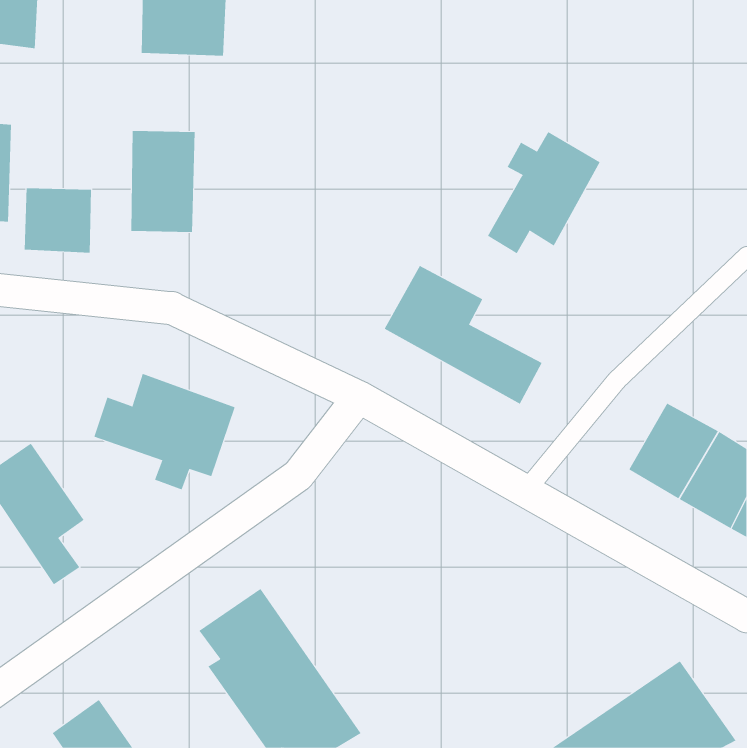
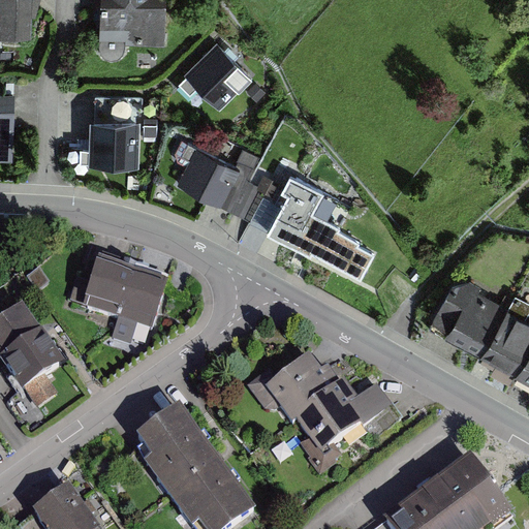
building: none -> [183,36,246,99]
building: [487,131,601,254] -> none
building: [24,188,92,253] -> none
building: none -> [179,144,255,210]
building: none -> [249,357,397,450]

